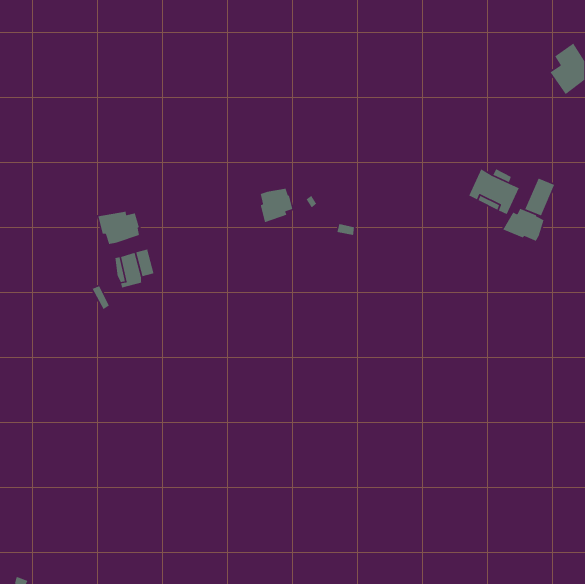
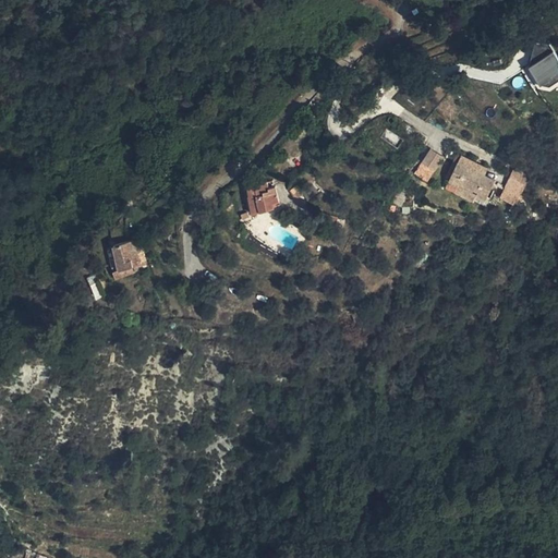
building: none -> [413,149,442,183]
building: [502,208,545,242] -> none
building: [97,211,140,245] -> none

